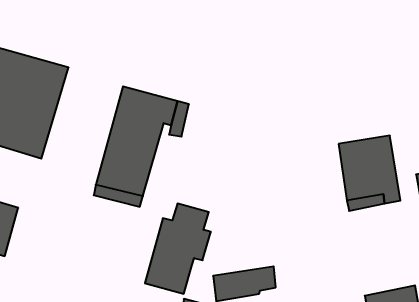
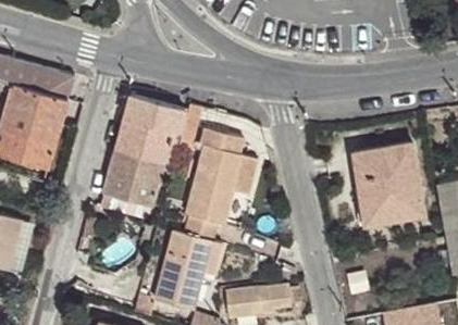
building: none -> [185,128,258,226]

